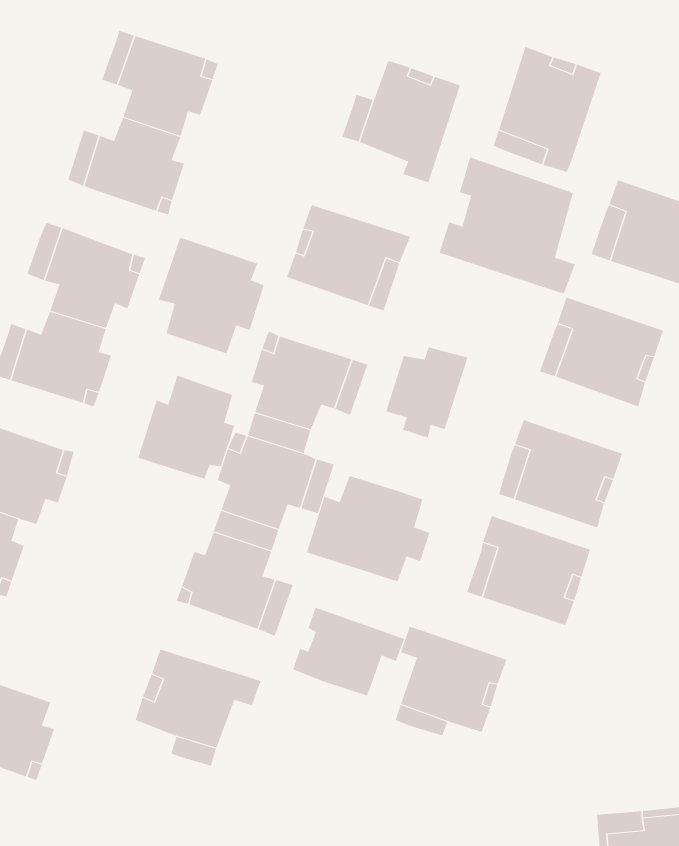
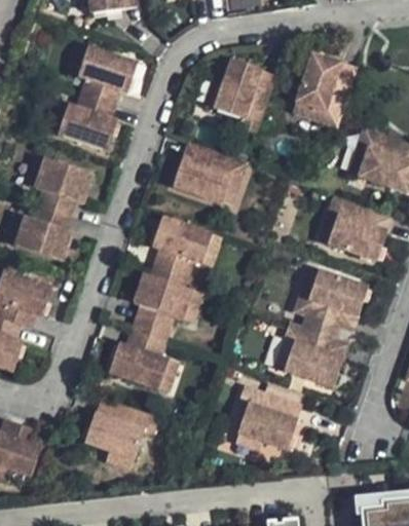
building: [439,156,576,294] -> none
building: [158,237,264,354] -> none
building: [385,347,468,438] -> none
building: [138,375,235,479] -> none
building: [306,475,430,582] -> none
building: [292,607,405,697] -> none

